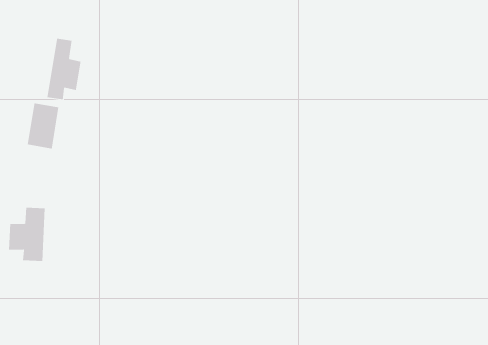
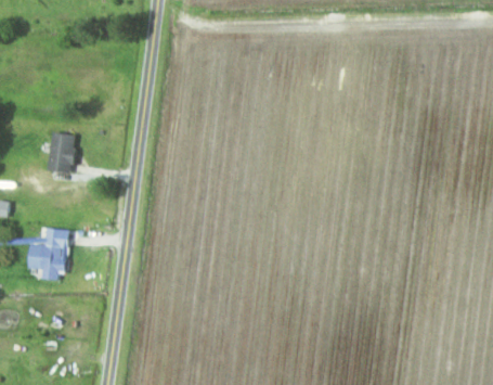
building: [47,38,81,100] -> none

